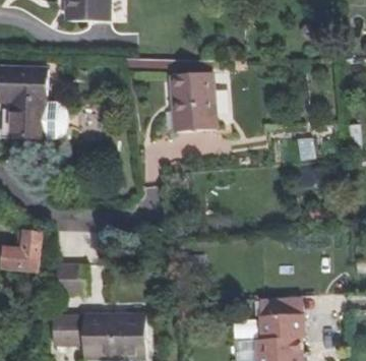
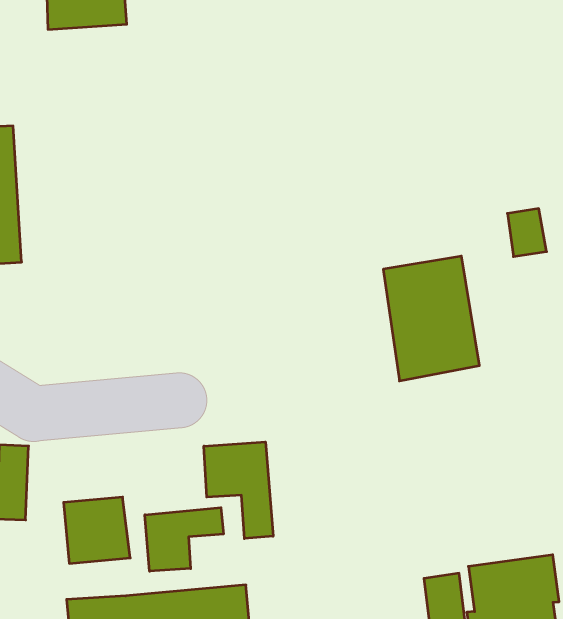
building: [172,71,217,132] -> [383,256,479,381]
building: none -> [204,442,273,539]
building: none -> [145,508,223,571]

